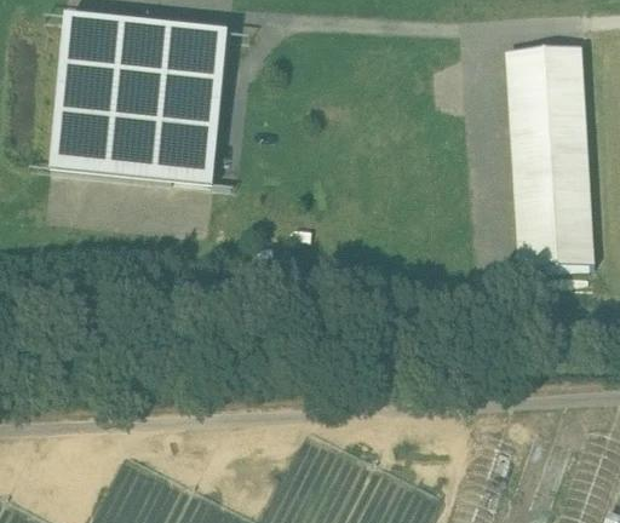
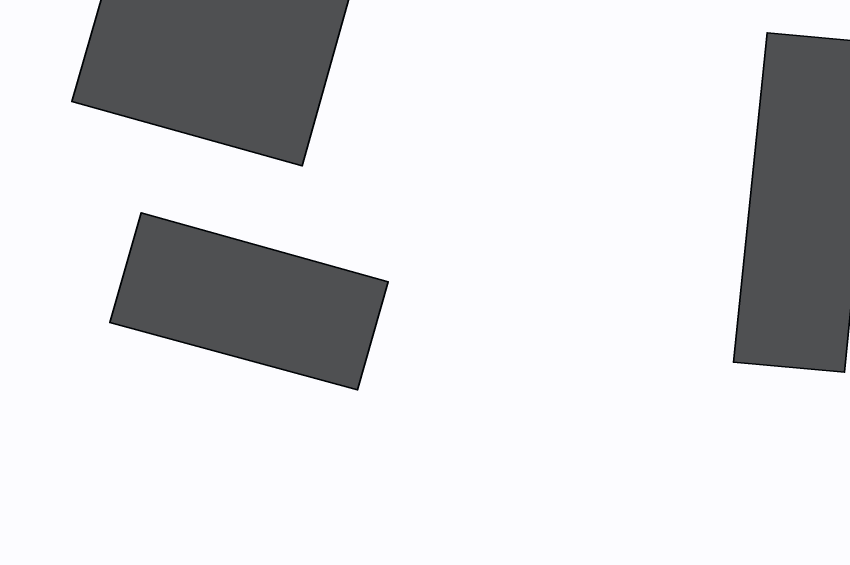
building: none -> [110,213,388,390]

